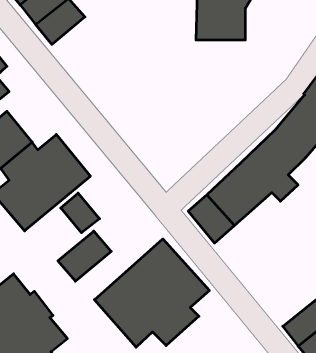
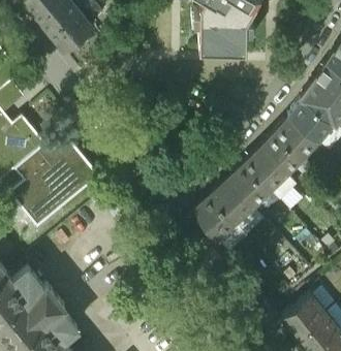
building: [61,193,100,233] -> none
building: [58,231,111,281] -> none
building: [94,239,209,347] -> none

